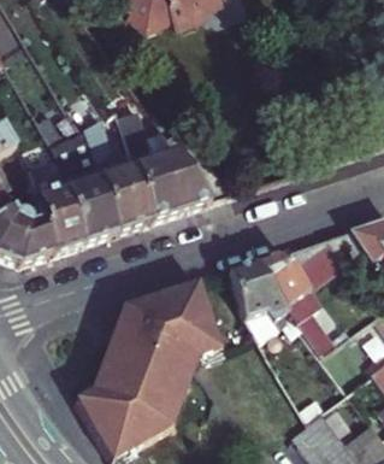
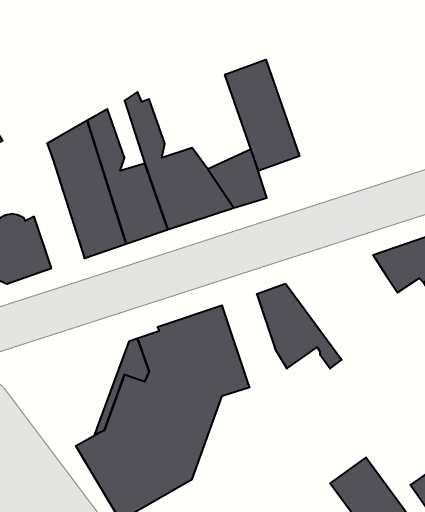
building: none -> [225,60,300,171]
building: [29,160,84,252] -> none
building: [253,241,349,358] -> none

